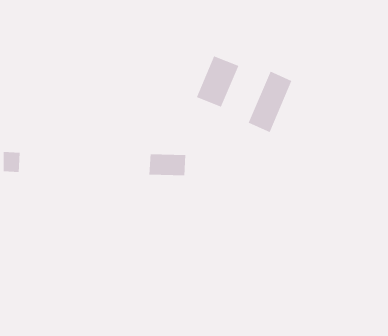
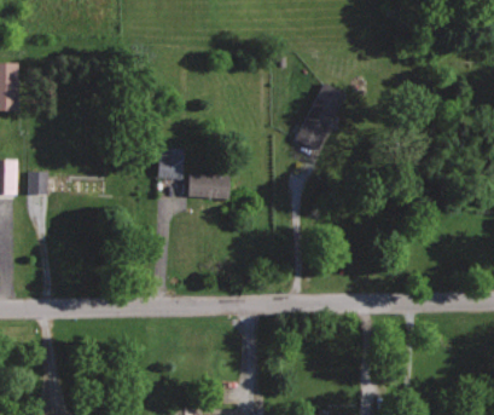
building: [196,56,239,108] -> none
building: none -> [158,148,185,178]

